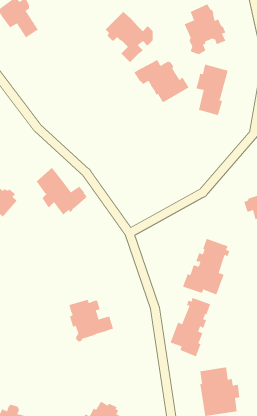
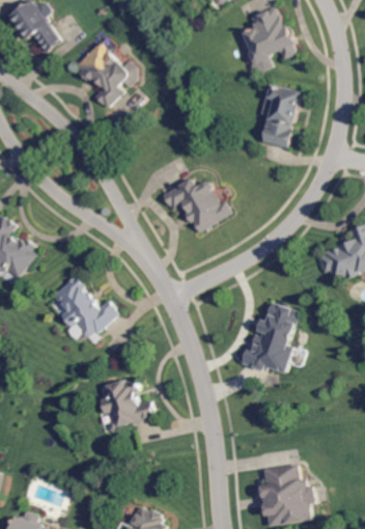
building: [105,11,153,63] -> [74,41,135,108]
building: [133,59,190,103] -> [160,178,230,233]
building: [36,167,88,215] -> [51,276,116,337]
building: [170,297,211,357] -> none

